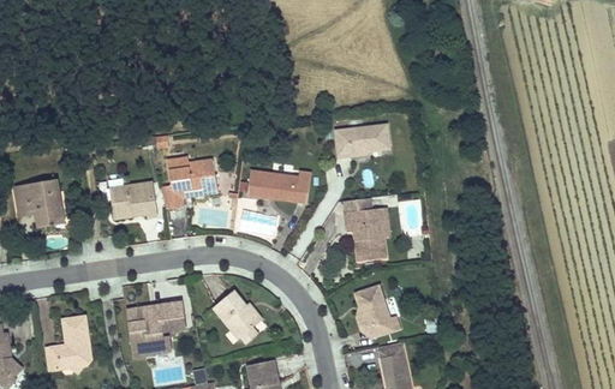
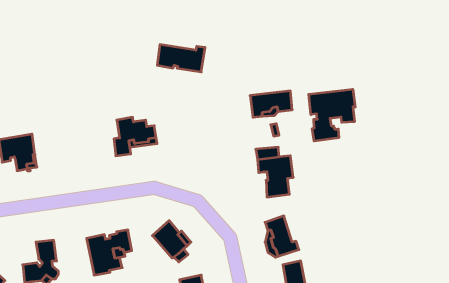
building: none -> [309,89,355,141]
building: [249,168,310,203] -> [157,45,205,72]
building: [108,181,155,219] -> none

